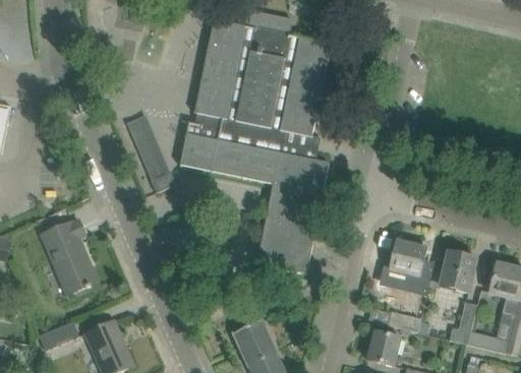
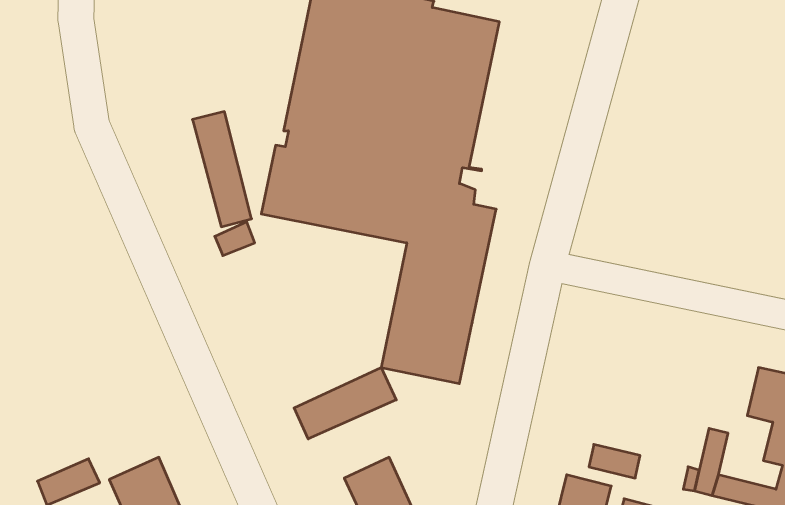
building: [42,220,98,295] -> none
building: [388,240,427,285] -> none
building: [440,252,477,293] -> none
building: none -> [294,368,396,439]

